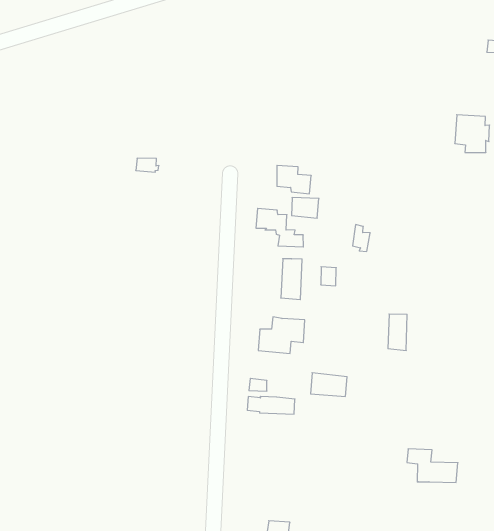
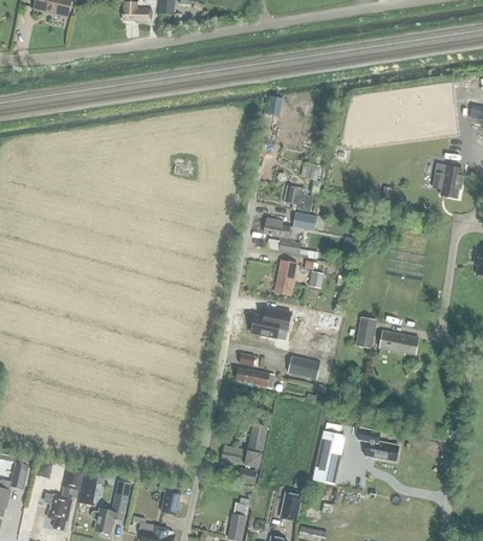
building: none -> [379,330,418,354]
building: none -> [313,431,344,483]
building: none -> [220,424,267,468]

